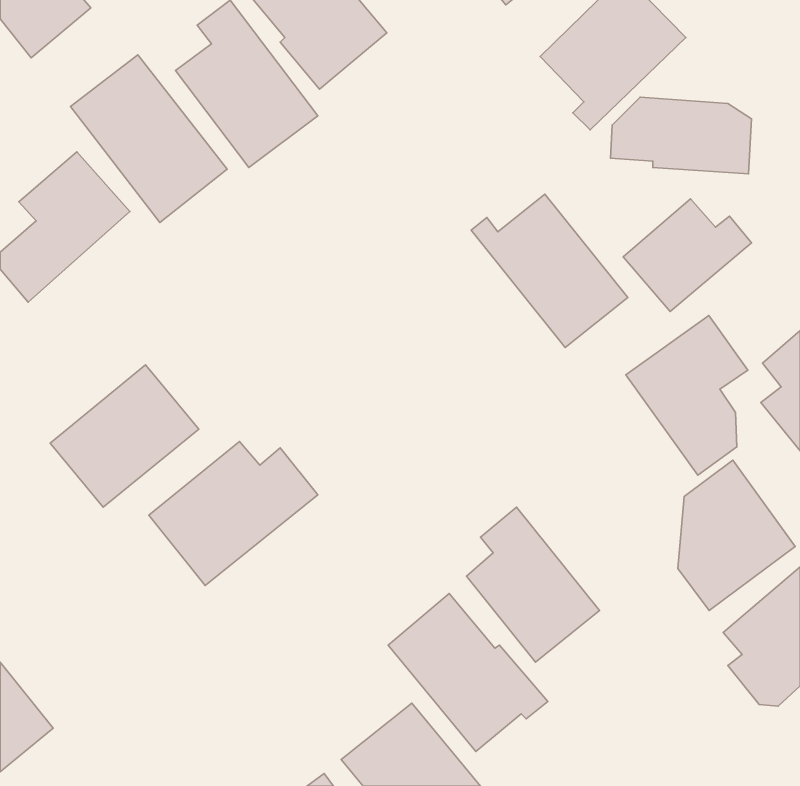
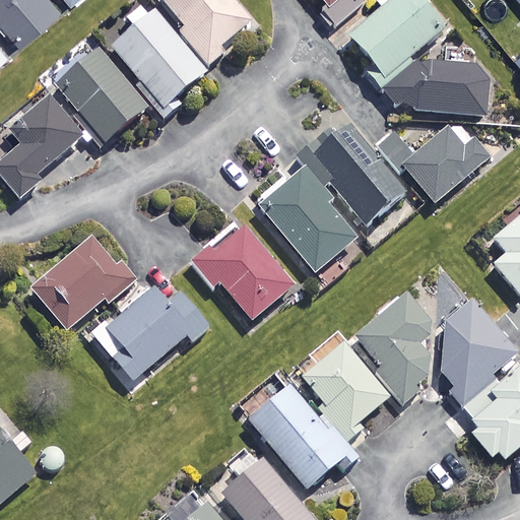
building: none -> [259,170,356,273]
building: [626,315,748,475] -> [356,294,436,397]
building: none -> [196,224,295,319]

